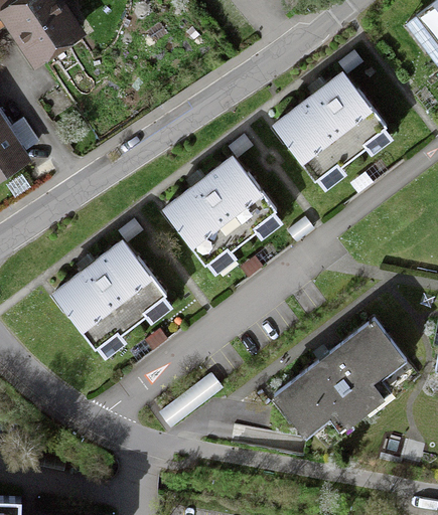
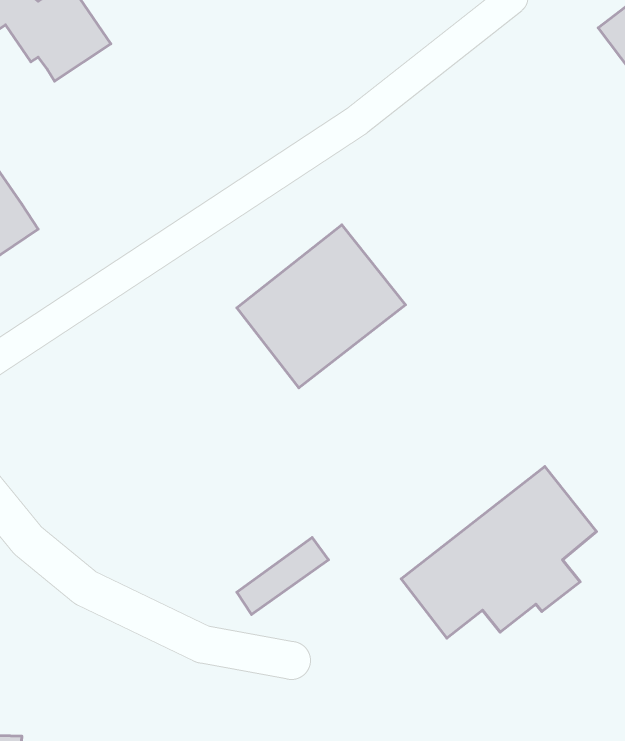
building: [274,71,389,182] -> none
building: [54,240,166,348] -> none

